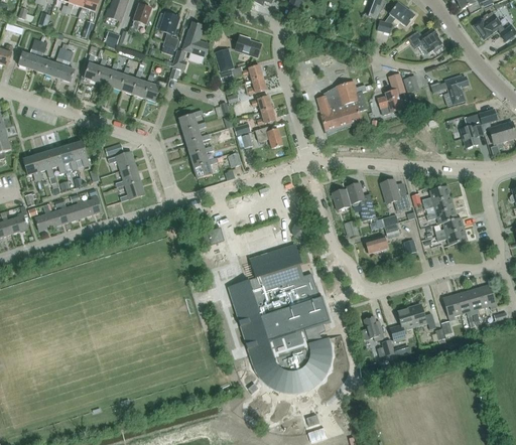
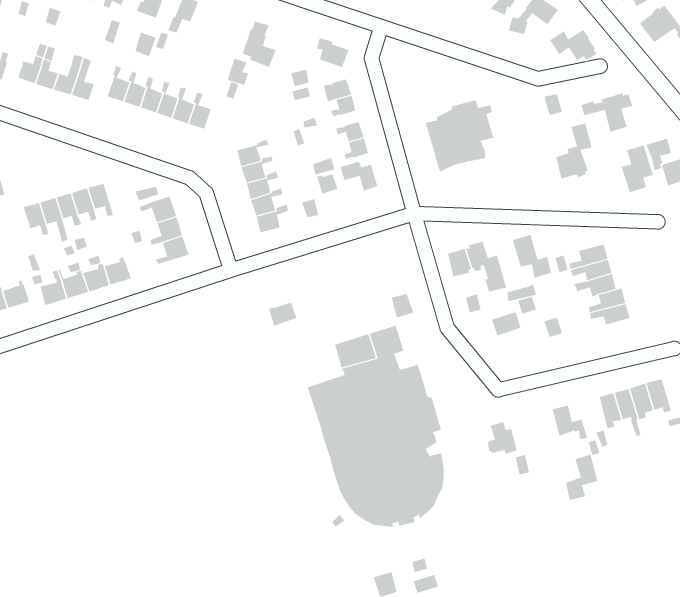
building: [156,13,179,50] -> none
building: [378,72,405,114] -> [555,123,593,179]
building: [390,306,414,340] -> [565,454,598,501]

